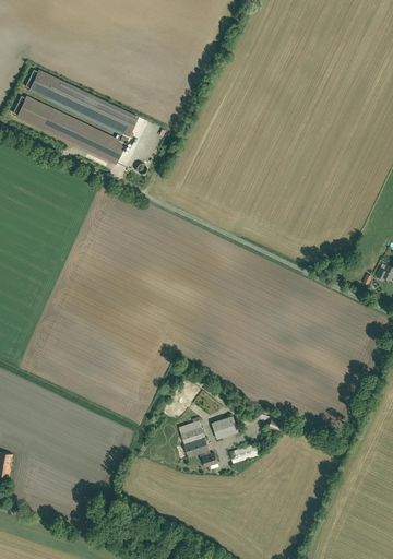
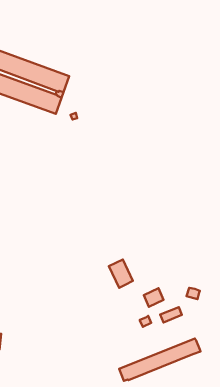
building: [179,420,210,459] -> [109,259,133,288]
building: none -> [119,339,200,381]

